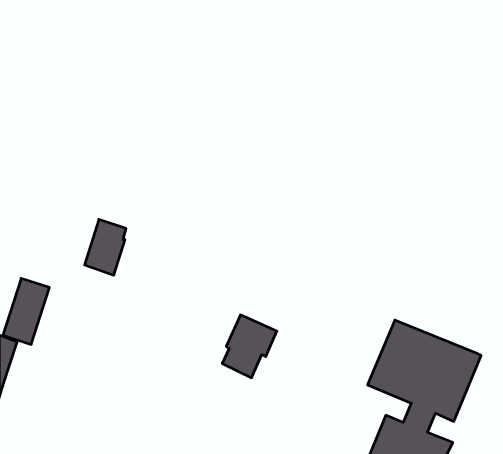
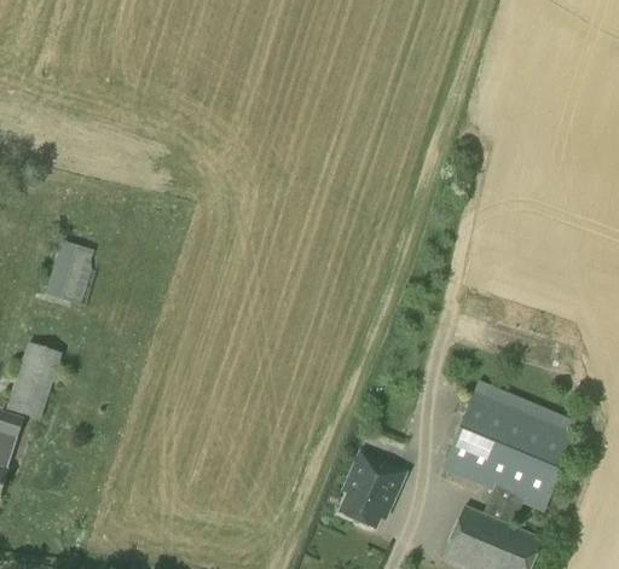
building: [85,219,126,275] -> [45,238,94,304]
building: [222,315,277,378] -> [340,452,405,527]

